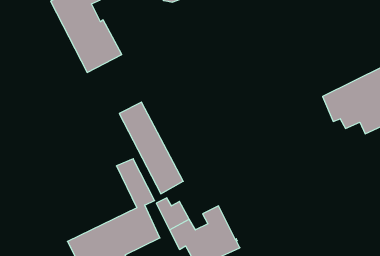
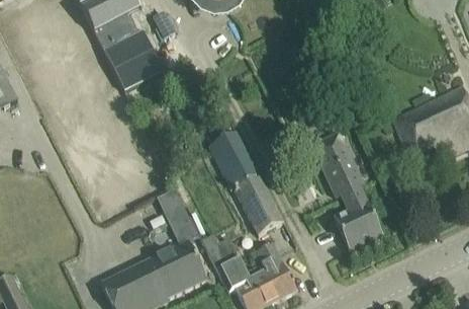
building: [119,102,183,194] -> [211,131,284,235]
building: none -> [312,130,383,251]

